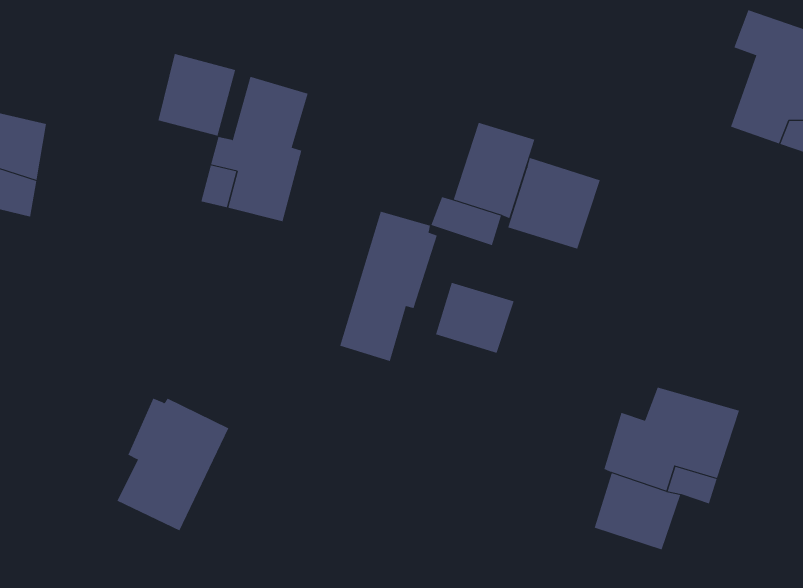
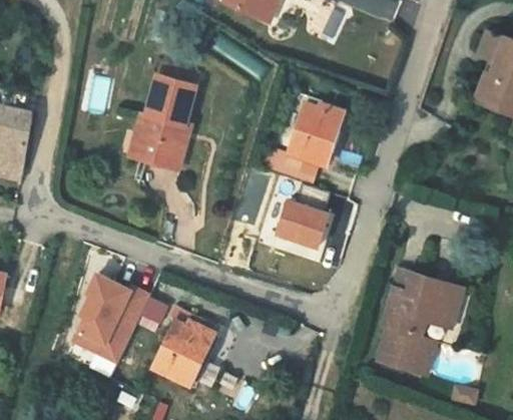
building: [158,53,236,136] -> none
building: [508,157,601,250] -> none
building: [339,211,438,362] -> none
building: none -> [149,319,208,383]

